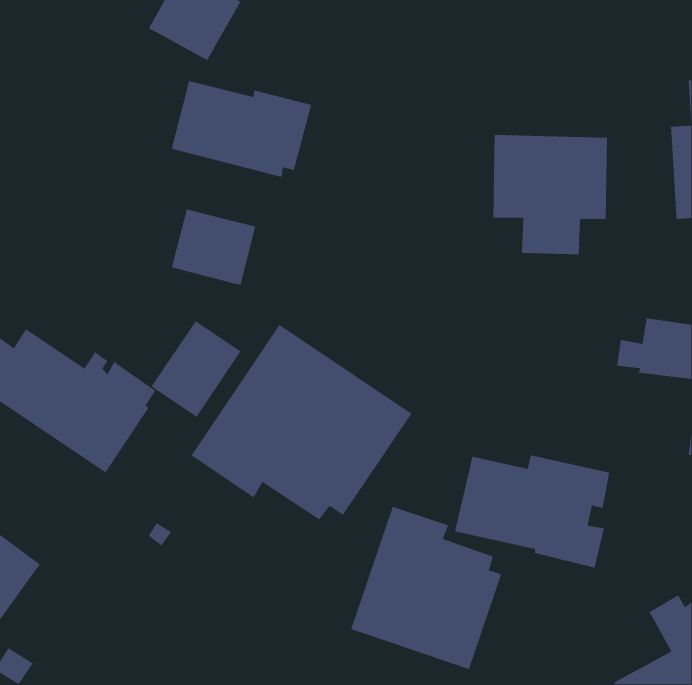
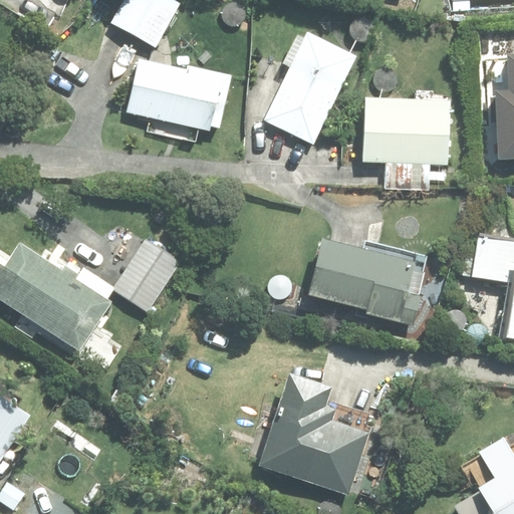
building: none -> [264,32,355,143]
building: [171,208,256,286] -> none
building: [191,324,413,521] -> none
building: [454,454,610,568] -> [309,240,425,324]

